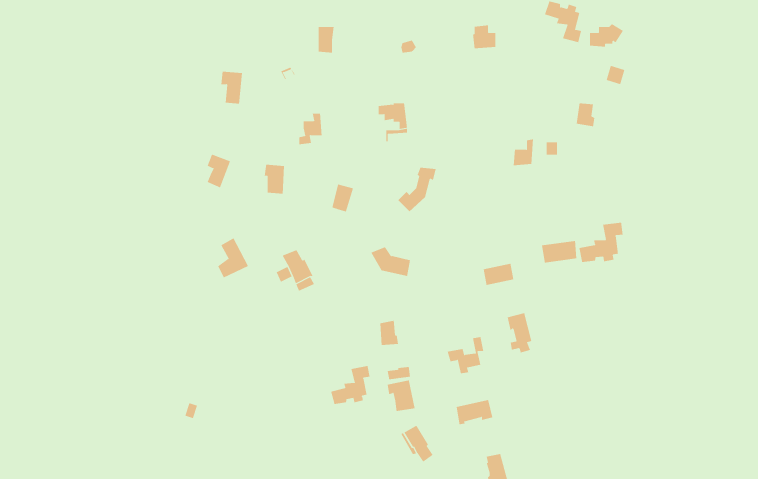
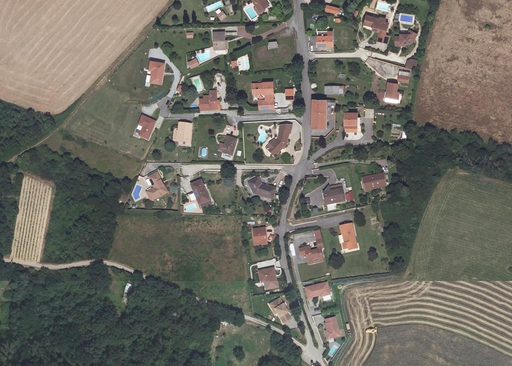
building: none -> [310,98,334,128]
building: [579,222,623,263] -> none
building: [331,365,370,405] -> none

